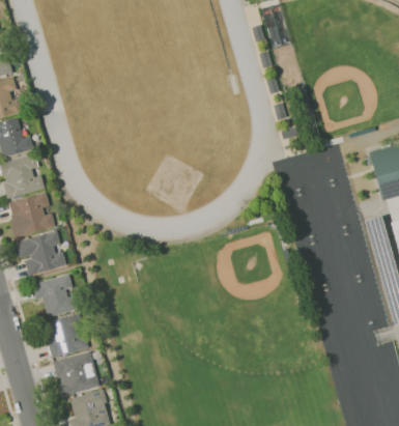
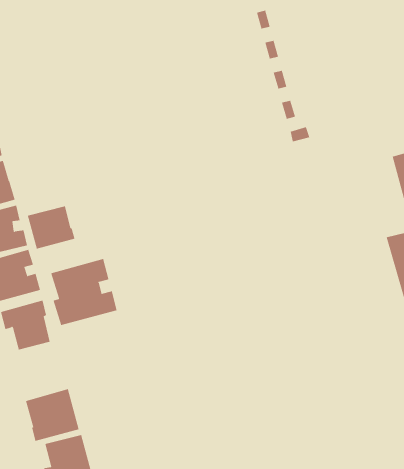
building: none -> [27,206,75,249]
building: none -> [50,258,117,326]
building: [42,314,88,359] -> none

